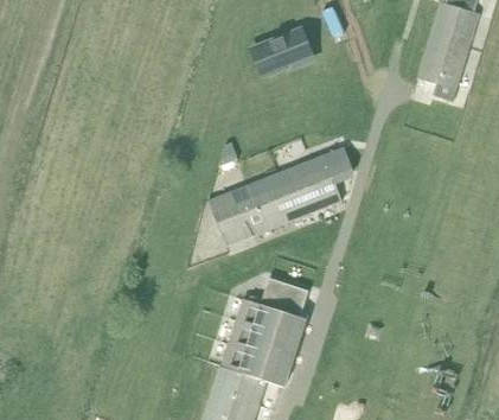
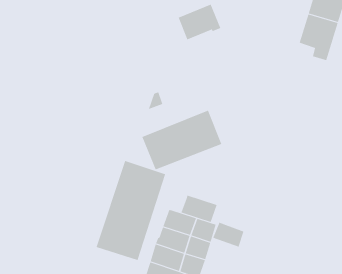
building: [296,148,352,211] -> none
building: none -> [96,160,166,261]
building: none -> [213,222,244,247]

